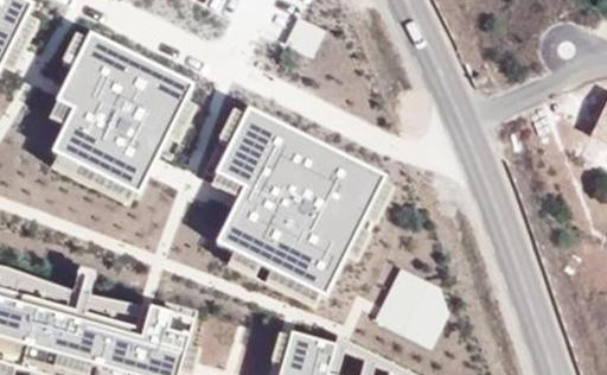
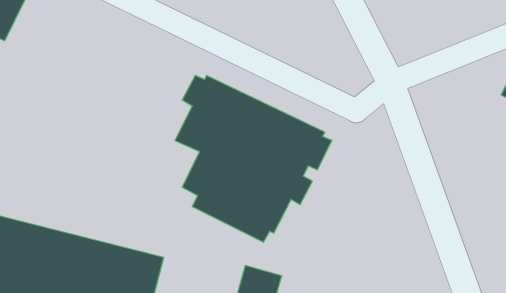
building: [46,32,196,204] -> none
building: [378,263,456,341] -> none

